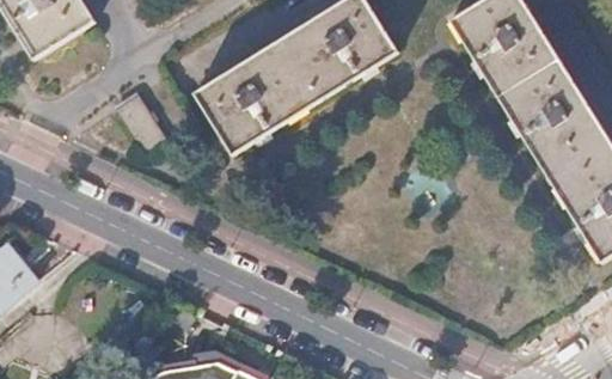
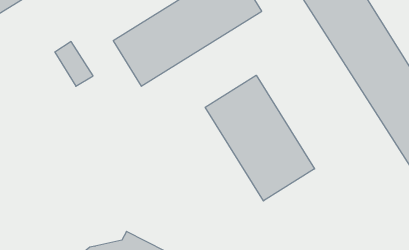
building: none -> [205,75,315,201]

